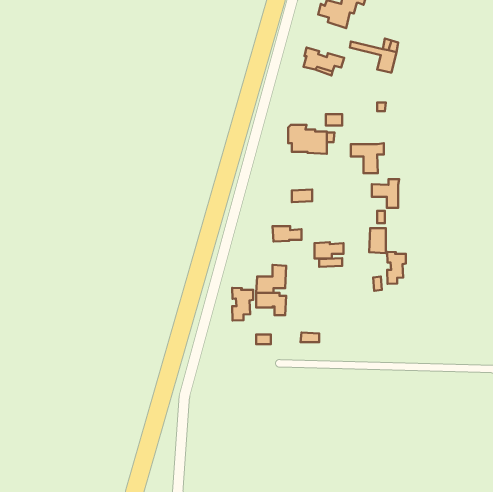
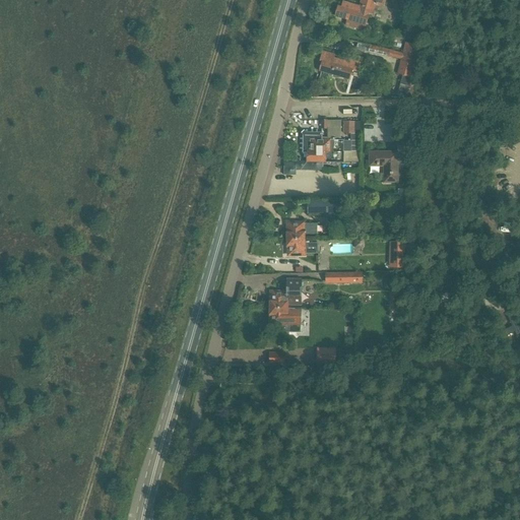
building: [372,179,399,208] -> none
building: [314,242,343,259] -> [286,220,317,238]
building: [387,252,406,284] -> none
building: [232,288,253,321] -> none

